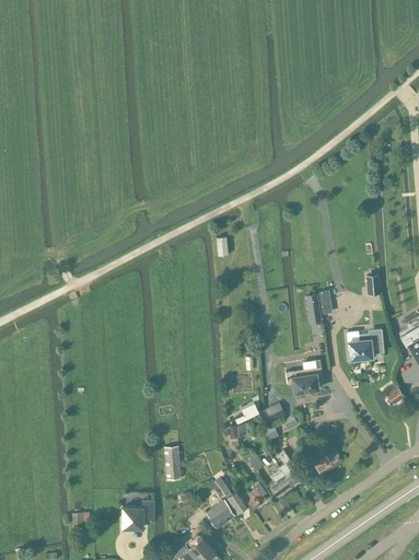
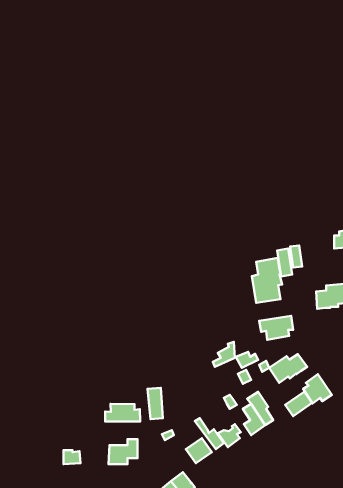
building: none -> [252,258,282,303]
building: none -> [269,354,307,383]
building: none -> [303,374,332,404]
building: none -> [105,404,140,422]

